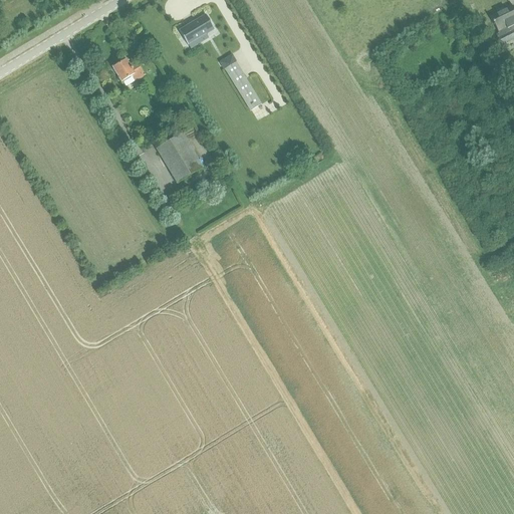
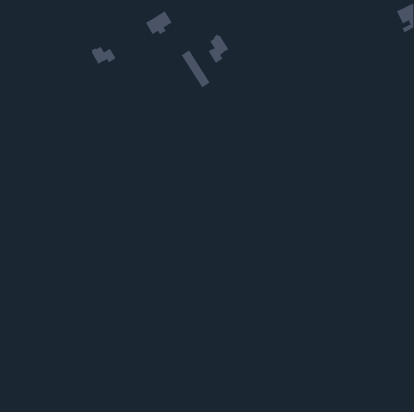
building: none -> [208,33,229,64]
building: [157,132,203,182] -> none

